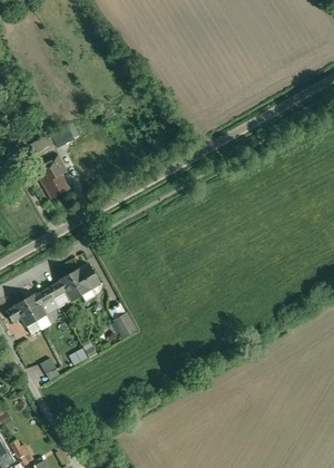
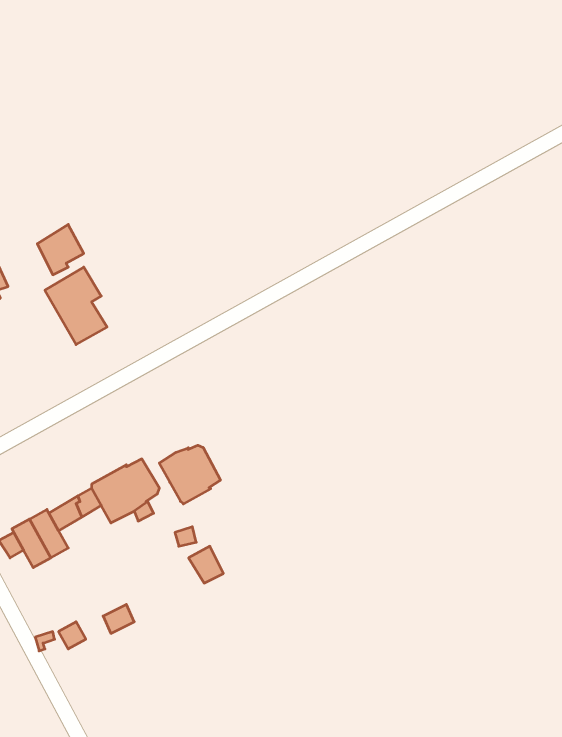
building: none -> [159,445,220,504]

